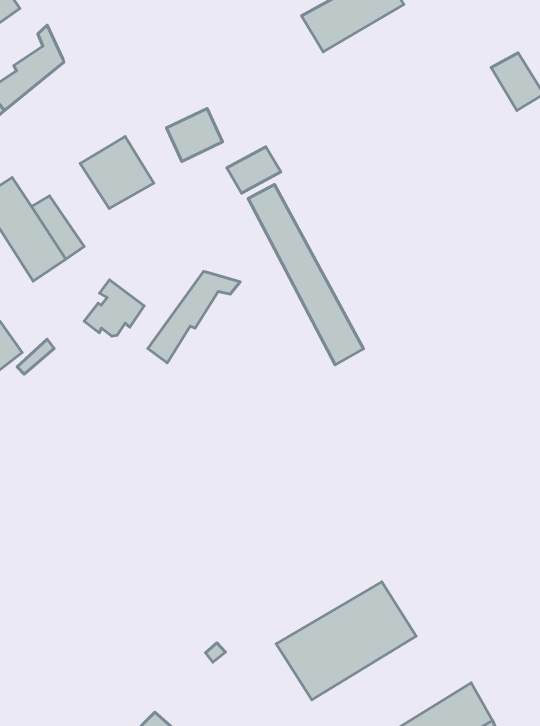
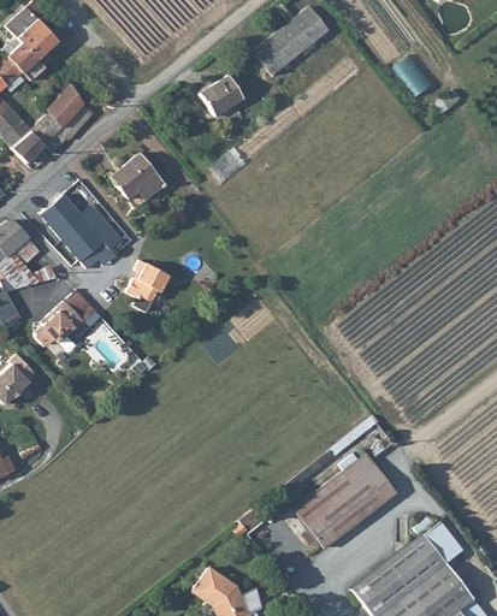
building: [166,109,222,161] -> [196,72,238,113]
building: [248,185,364,365] -> none
building: [148,272,240,363] -> none

